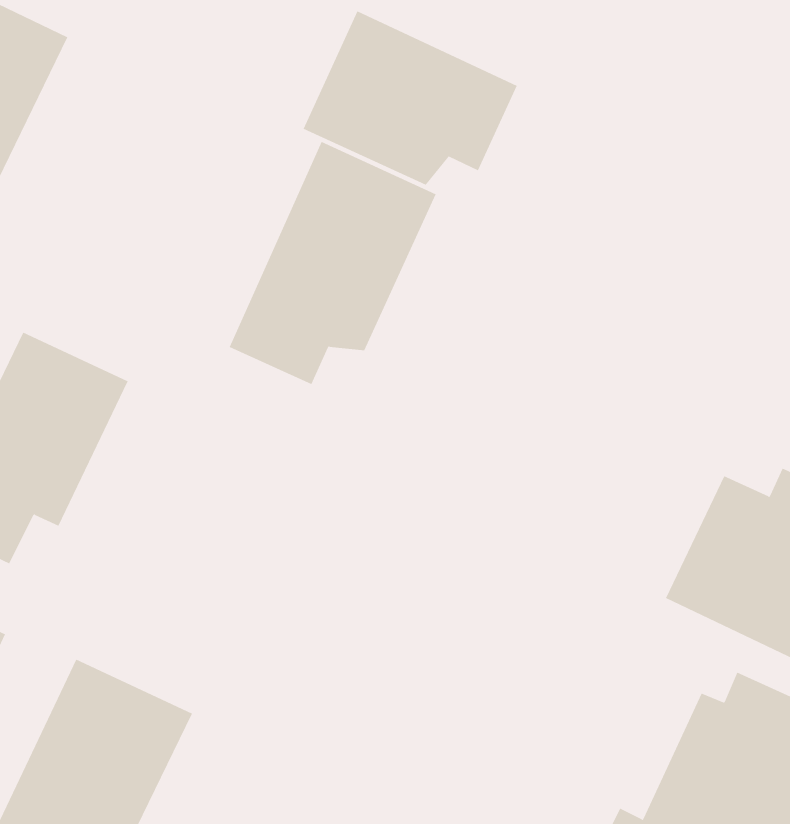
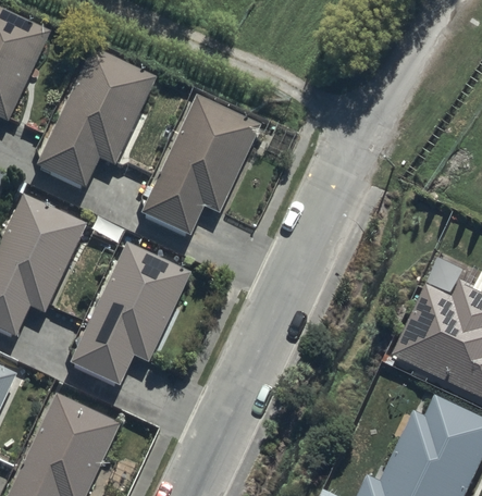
building: [303,10,518,186] -> none
building: none -> [36,46,158,184]
building: none -> [67,240,188,387]

